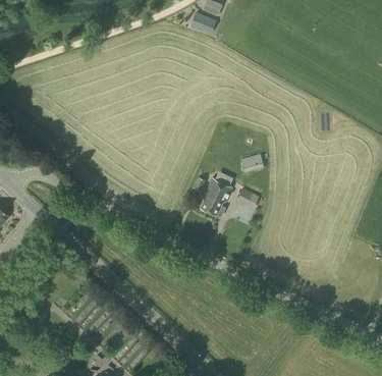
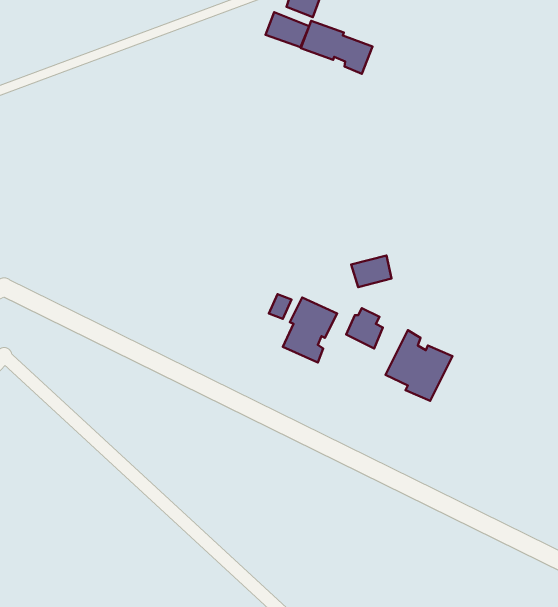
building: none -> [301,21,372,74]
building: none -> [386,330,453,401]

